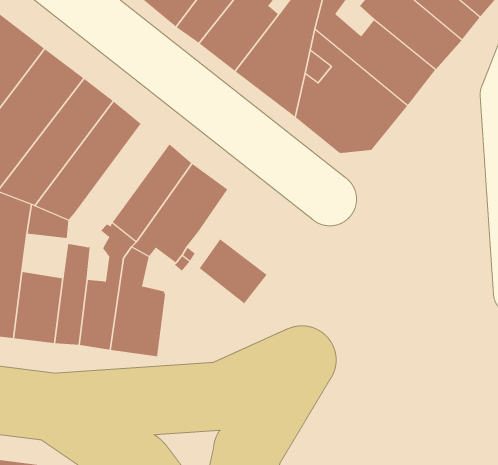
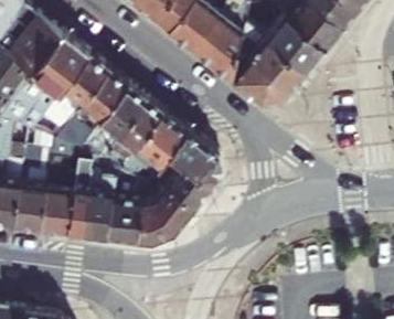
building: none -> [83,85,146,157]
building: none -> [166,129,220,187]
building: none -> [138,182,196,243]

